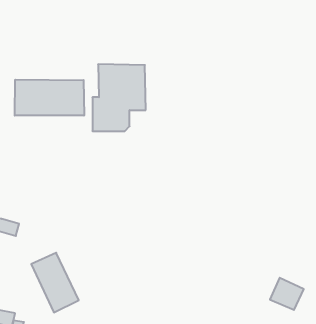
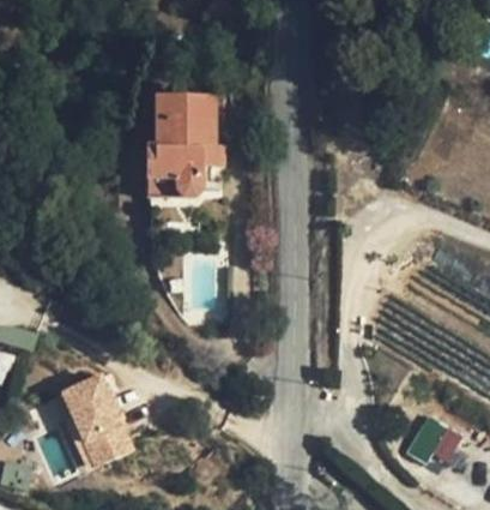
building: [15,80,84,116] -> none

